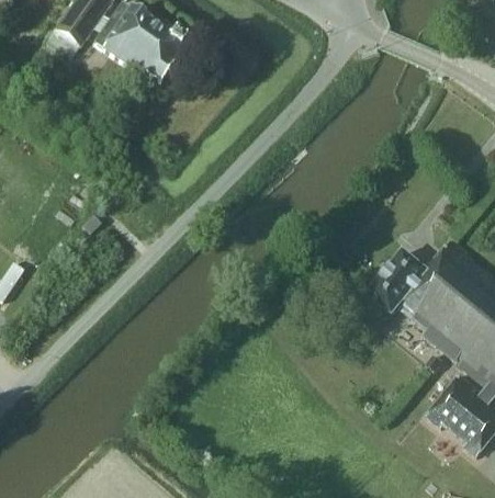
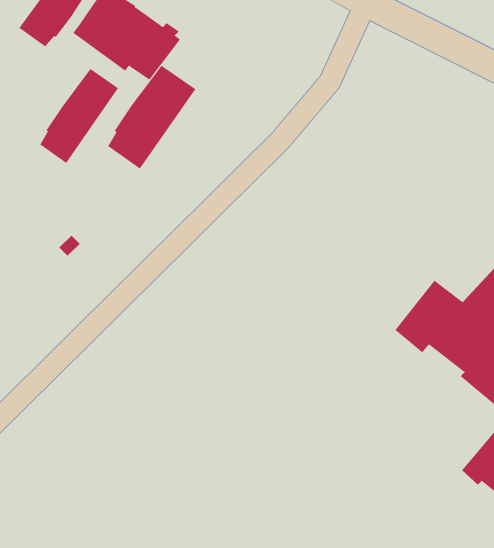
building: none -> [107,65,196,169]
building: none -> [39,68,119,164]

